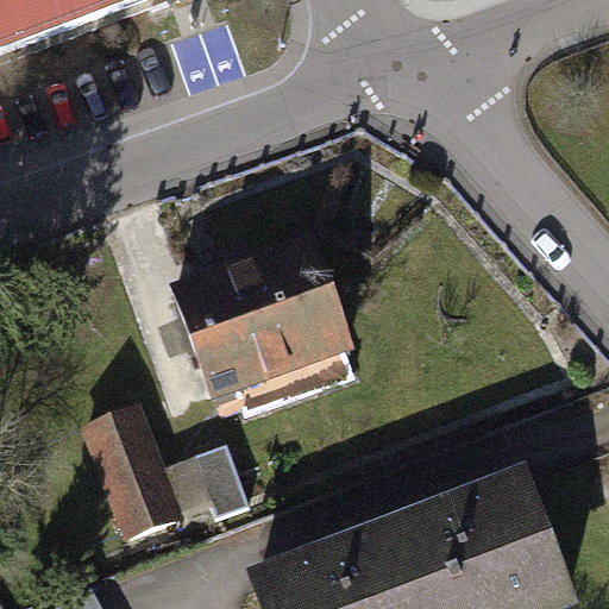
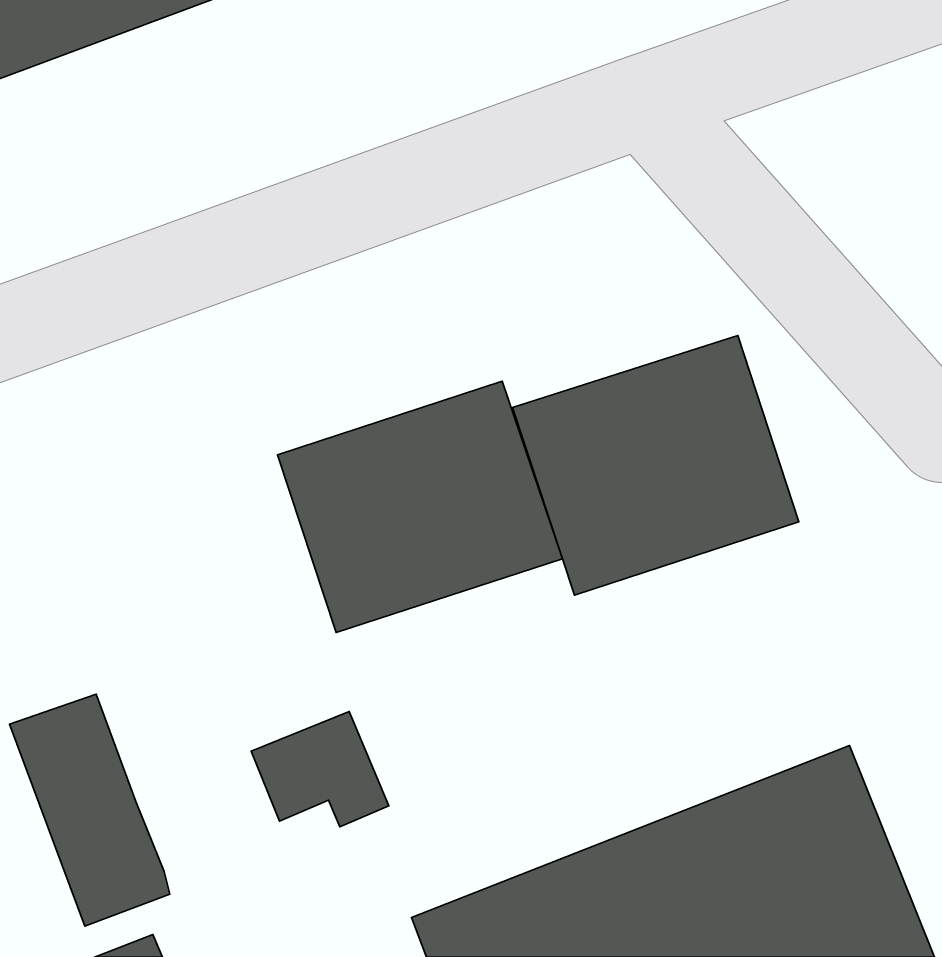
building: none -> [512,336,799,595]
building: [79,406,180,552] -> [9,694,170,926]

